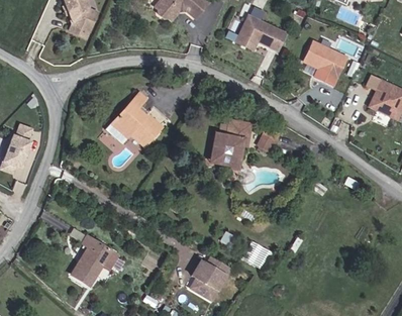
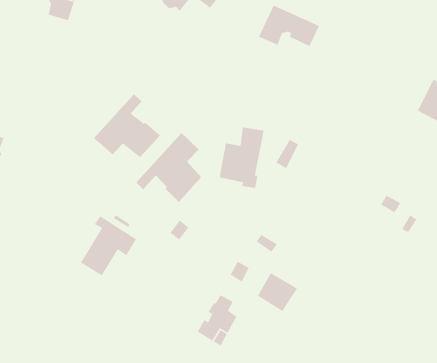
building: [306,41,347,84] -> none
building: none -> [135,132,202,203]
building: [71,235,117,285] -> [80,216,137,276]

